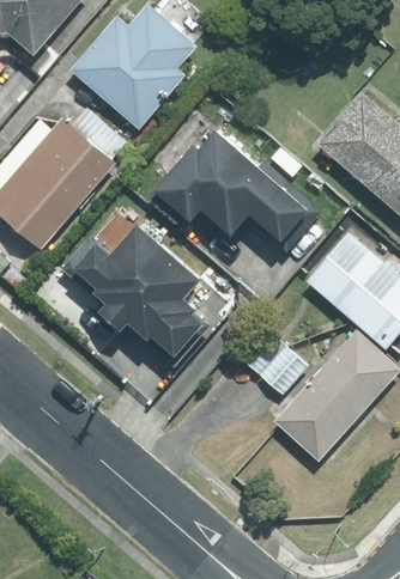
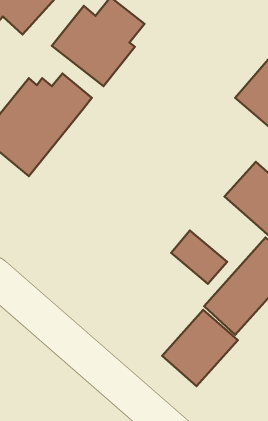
building: [151,127,309,239] -> none
building: [62,219,213,355] -> none
building: none -> [162,310,238,386]

